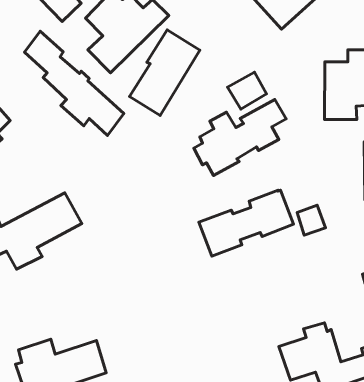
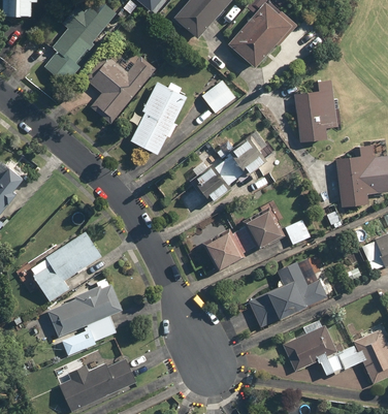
building: [24,31,124,136] -> none
building: [228,72,267,109] -> [201,81,235,114]
building: none -> [45,278,121,355]
building: none -> [249,256,327,329]

